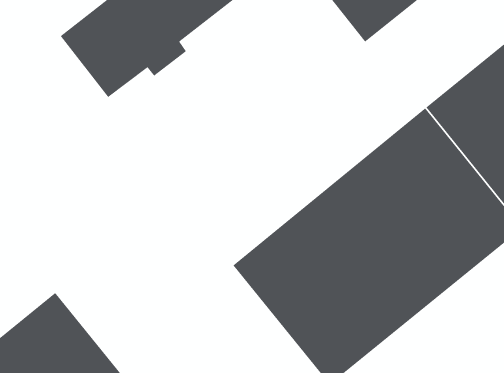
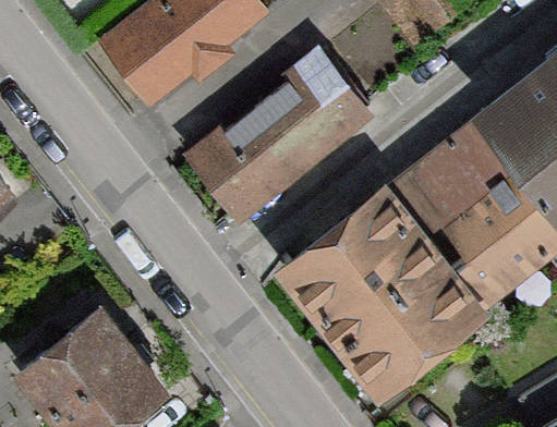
building: none -> [185,49,364,217]

